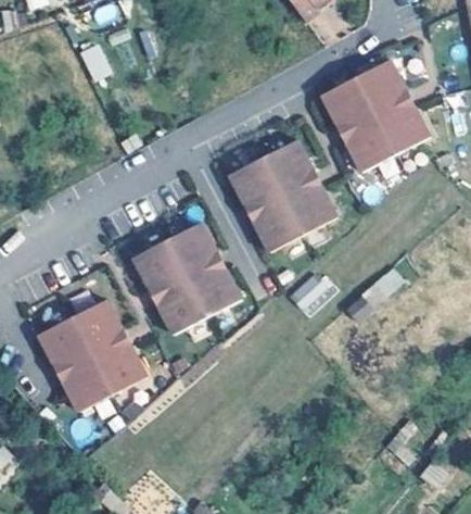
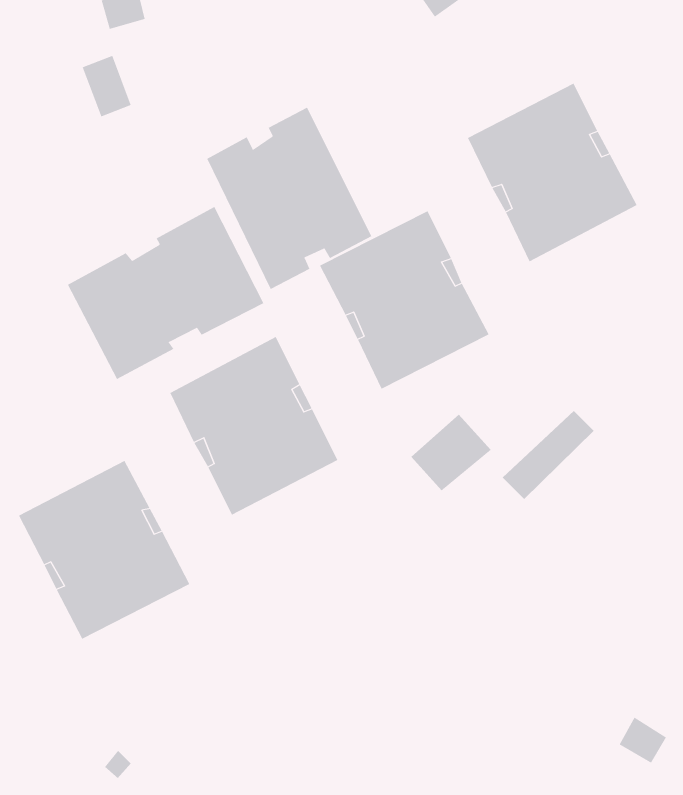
building: none -> [207,107,372,290]
building: none -> [67,206,264,380]

